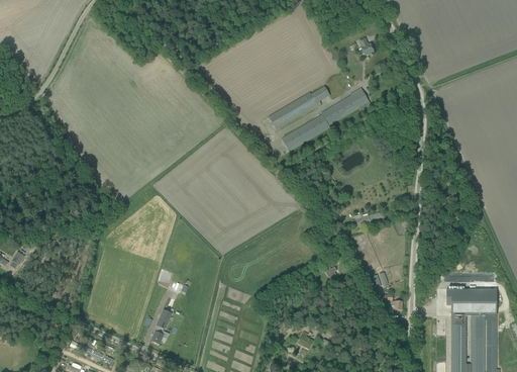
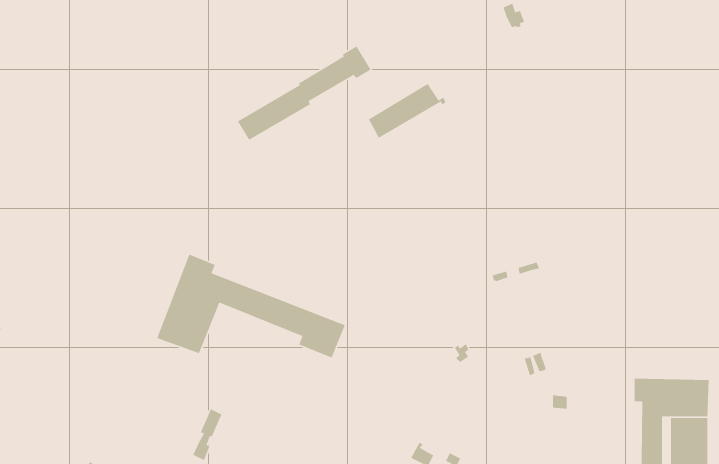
building: [281,87,371,151] -> [237,46,372,141]
building: none -> [156,254,346,359]

